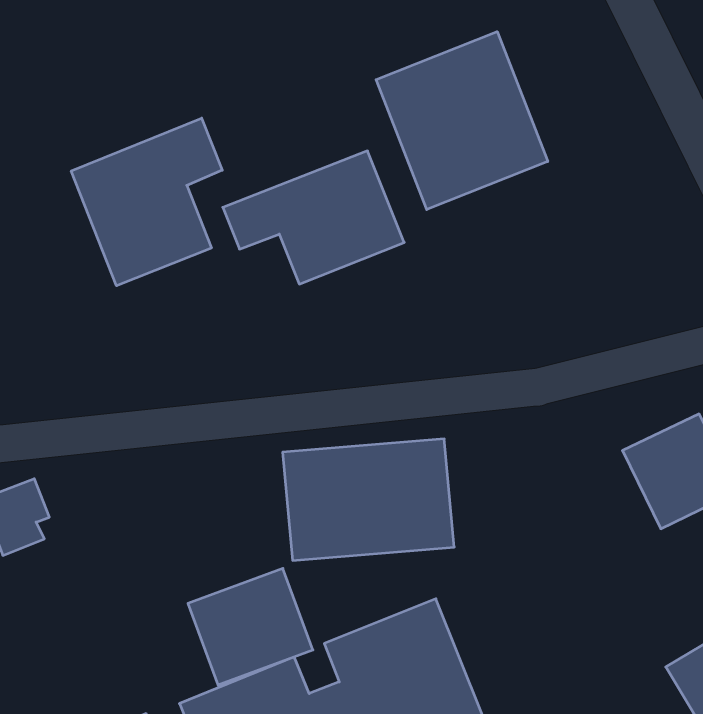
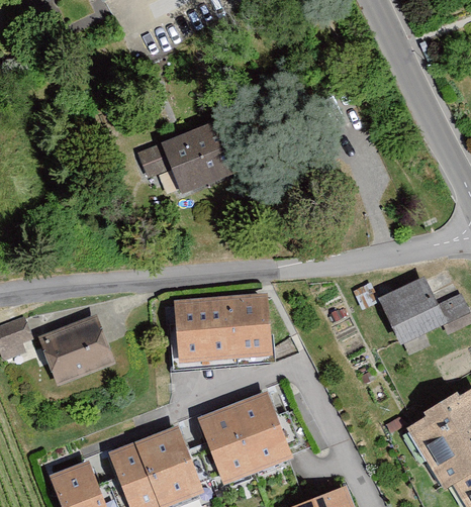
building: [376,32,548,210] -> none
building: [71,118,222,286] -> none
building: [188,568,313,685] -> [39,315,115,386]

